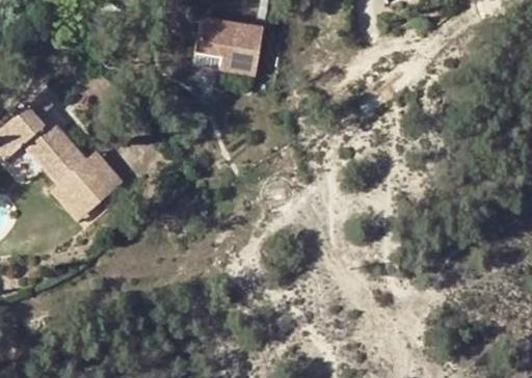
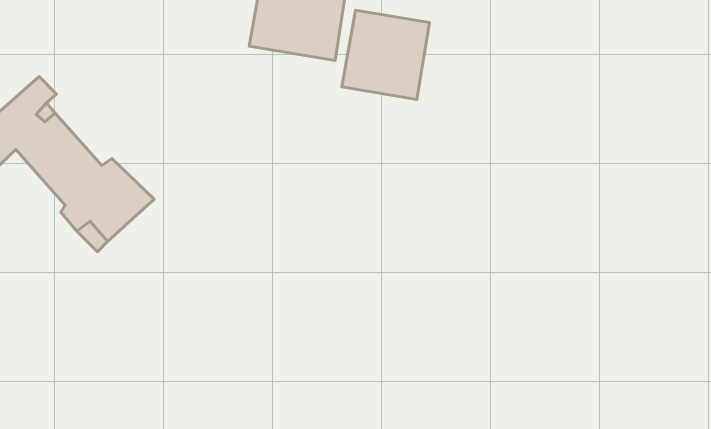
building: none -> [342,10,429,100]

